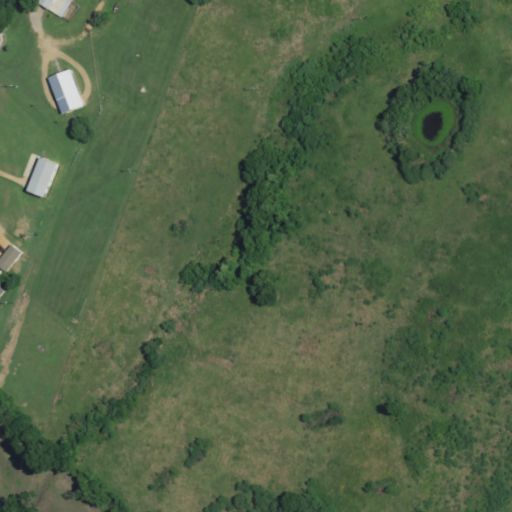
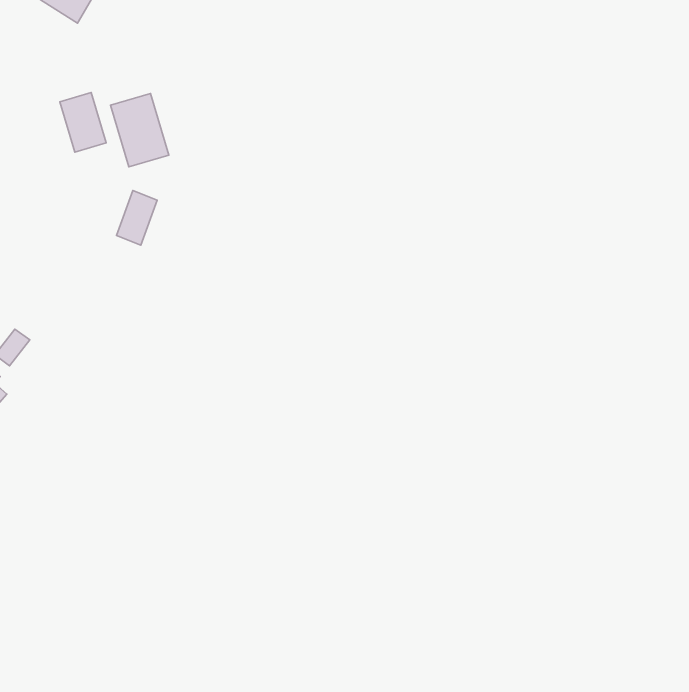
building: none -> [110,94,169,167]
building: [29,155,59,195] -> [116,191,157,245]

